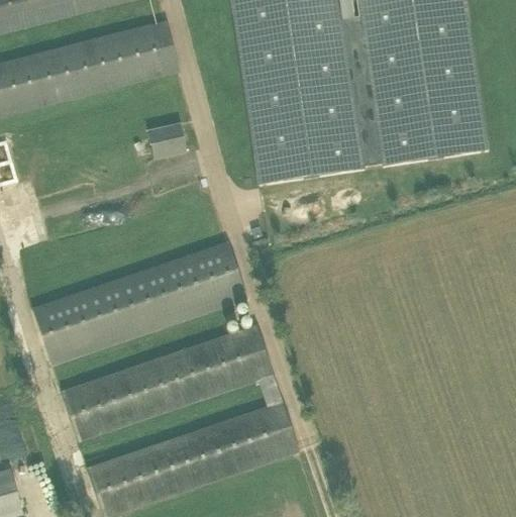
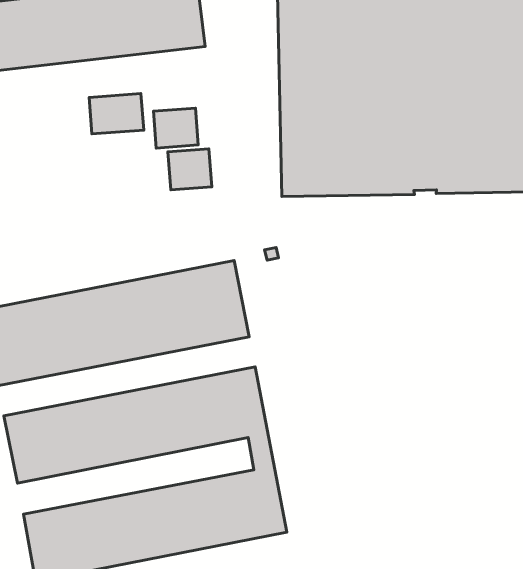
building: none -> [89,94,144,134]
building: none -> [168,149,212,190]

